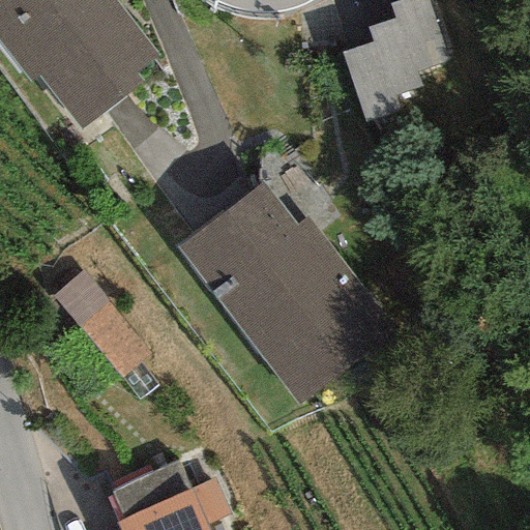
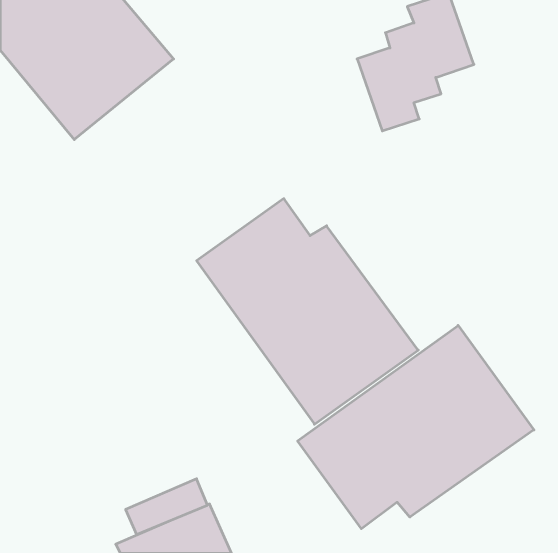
building: [47,268,150,382] -> none
building: none -> [298,325,534,529]

